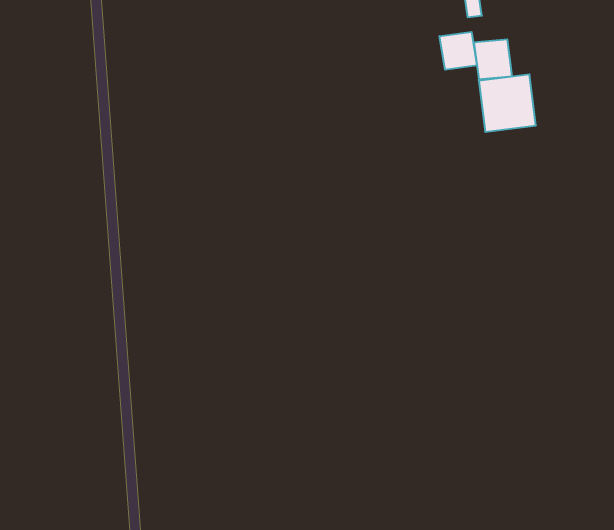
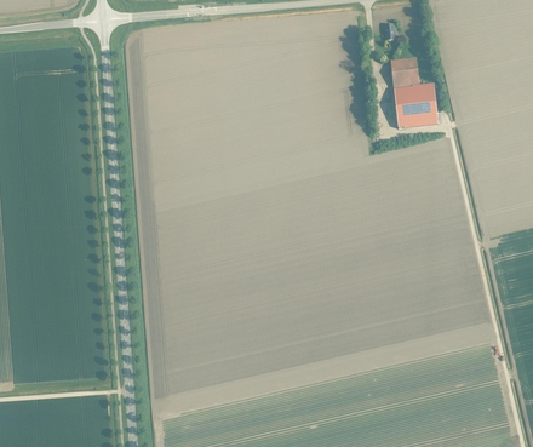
building: [440,32,477,70] -> none

